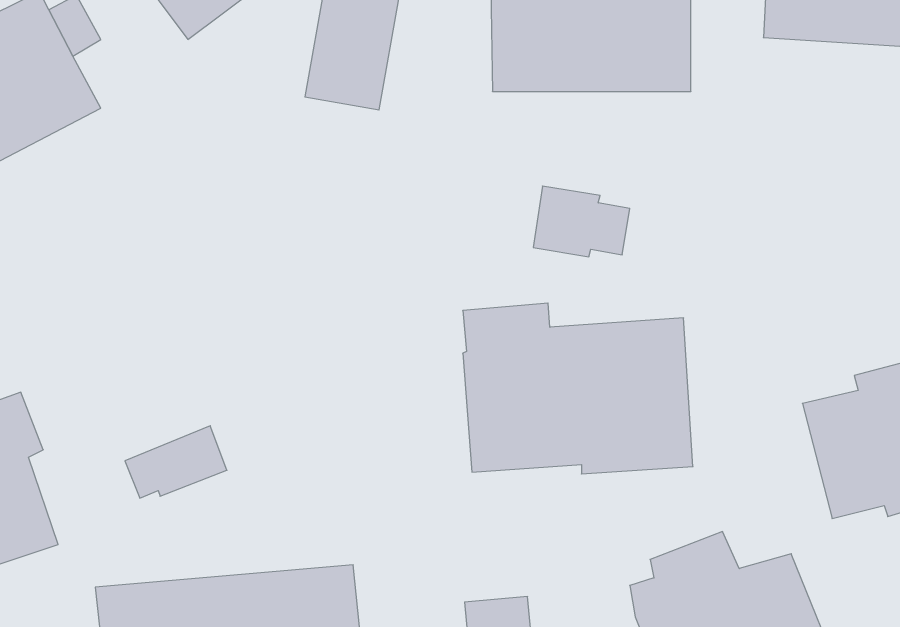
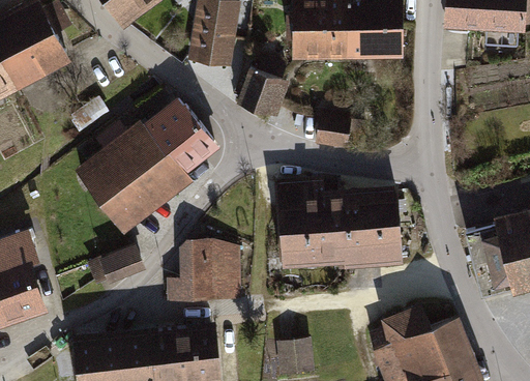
building: none -> [236,54,289,116]
building: none -> [73,95,218,233]
building: none -> [166,239,241,302]

